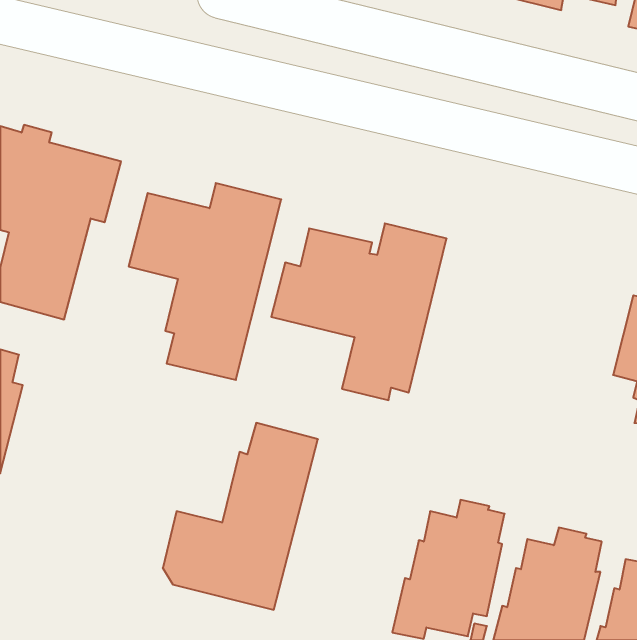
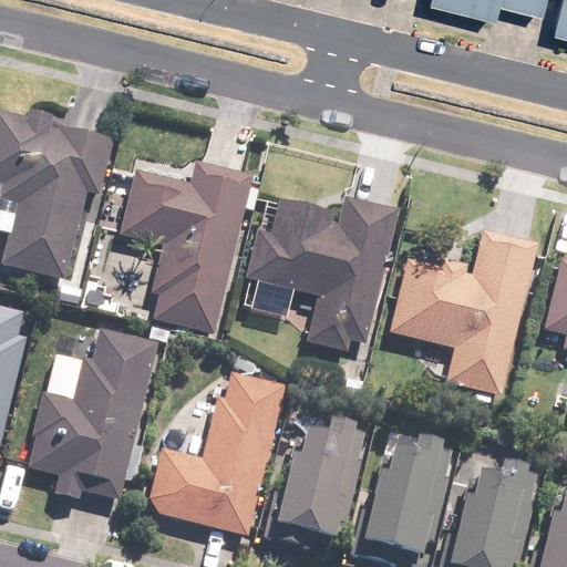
building: none -> [390,230,537,401]
building: none -> [27,329,158,501]
building: none -> [265,422,363,544]

